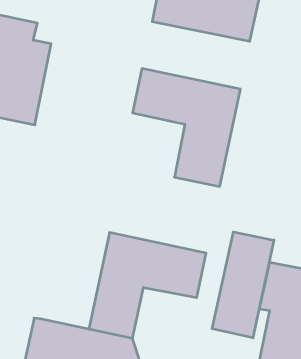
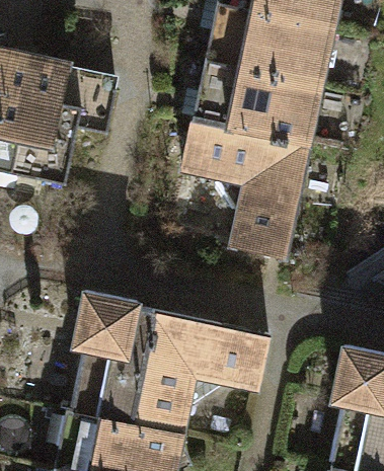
building: none -> [194,61,321,141]
building: none -> [73,292,155,425]
building: [212,232,274,338] -> none

